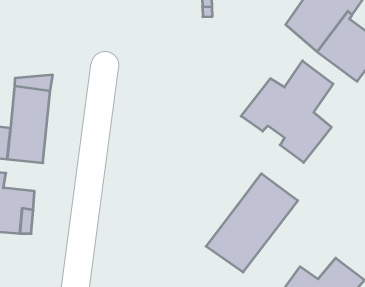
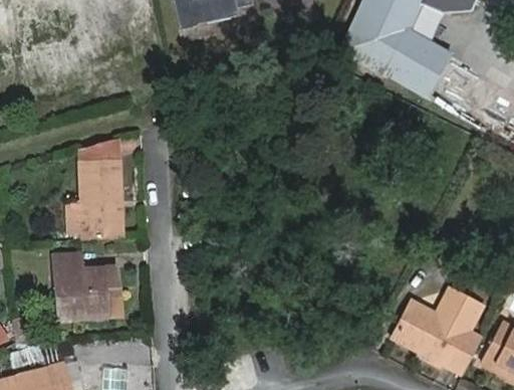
building: [241,61,333,163] -> none
building: [206,174,298,272] -> none

